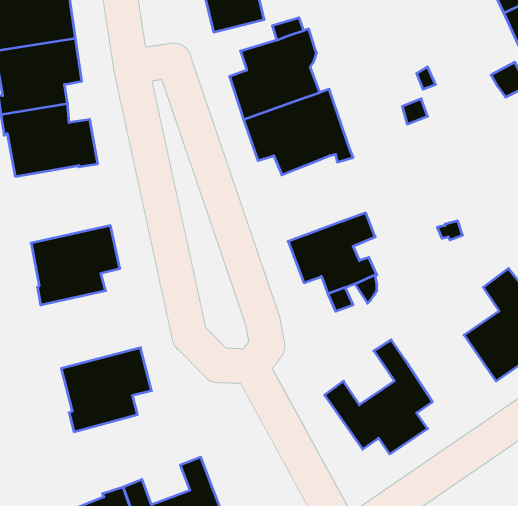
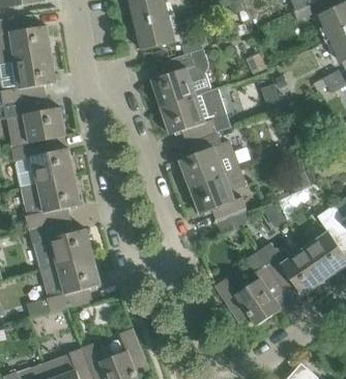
building: none -> [178,131,240,187]
building: none -> [10,137,74,188]
building: none -> [28,219,93,270]
building: none -> [257,241,325,295]

